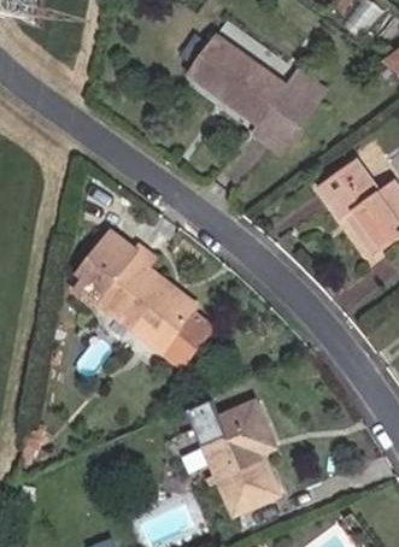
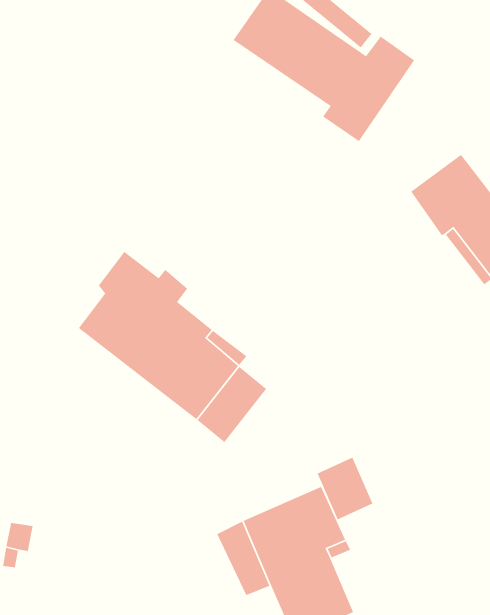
building: none -> [316,456,374,521]

